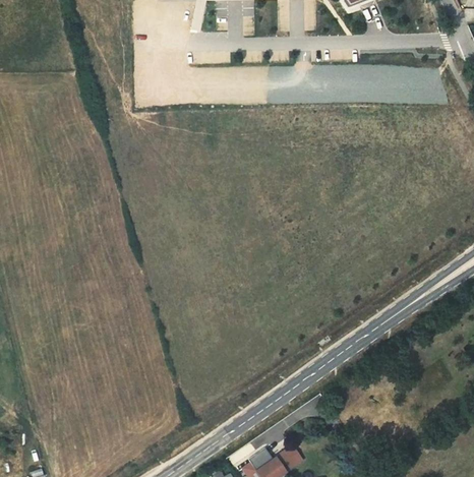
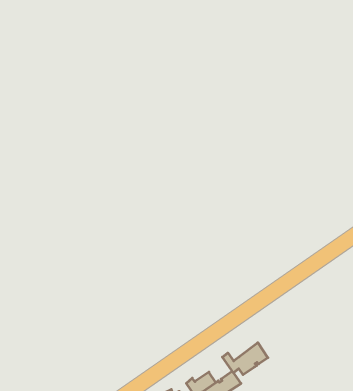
building: none -> [222,343,268,375]

